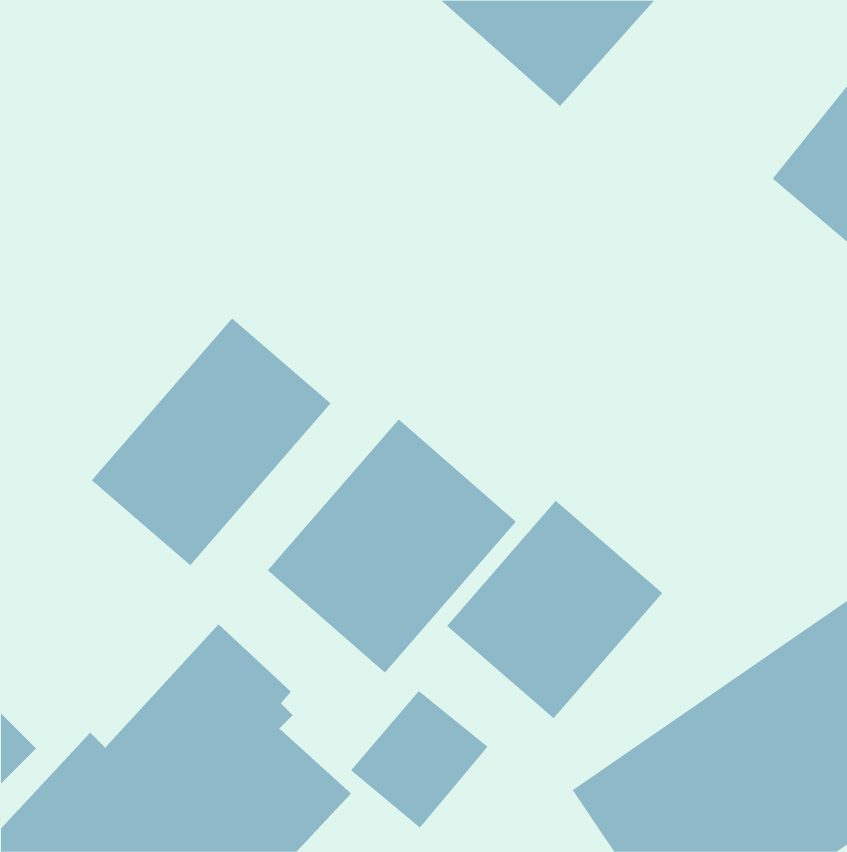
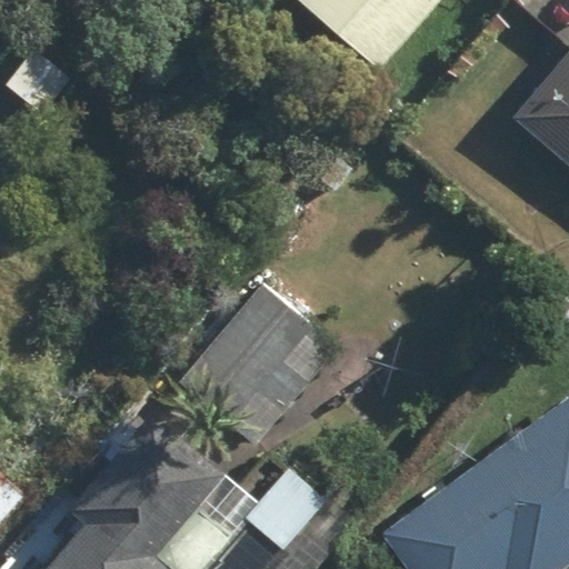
building: [91,318,332,566] -> none
building: [446,500,663,719] -> none

